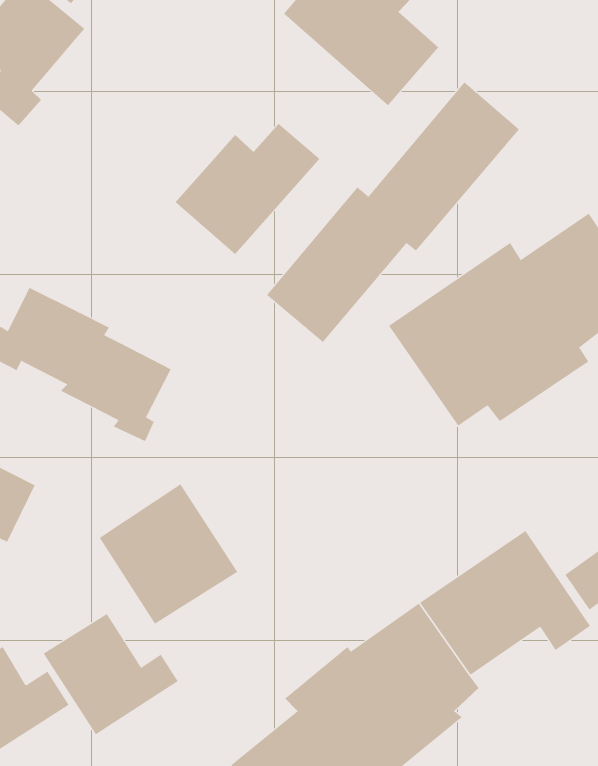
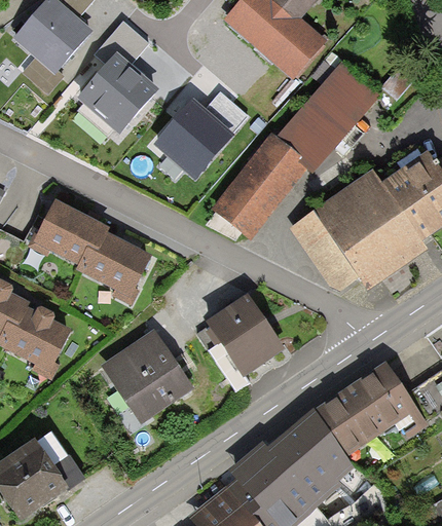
building: none -> [74,20,159,136]
building: none -> [205,292,284,375]
building: [43,613,178,735] -> none

